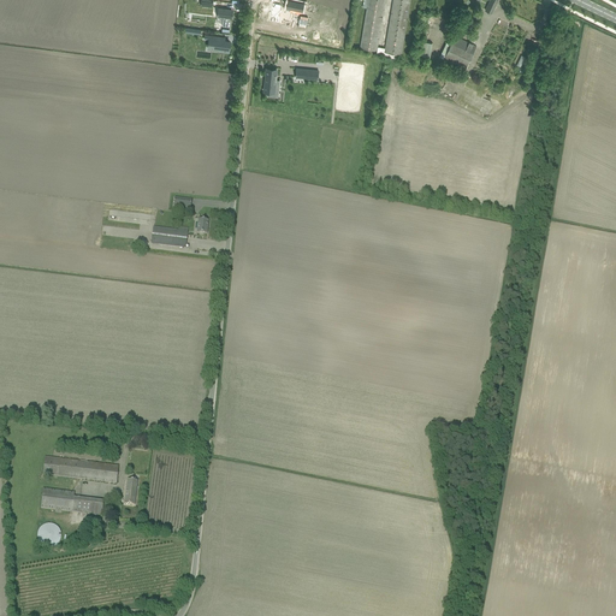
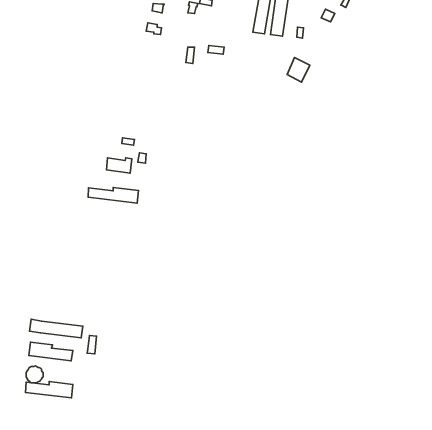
building: [444,32,476,67] -> [287,58,310,82]
building: none -> [88,188,138,203]
building: none -> [25,382,73,398]

